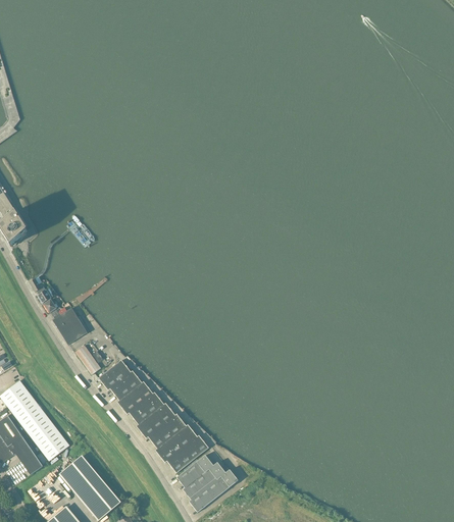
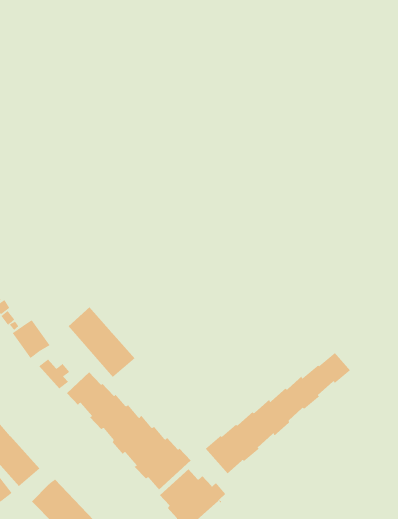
building: none -> [68,307,136,378]
building: none -> [205,352,351,474]

